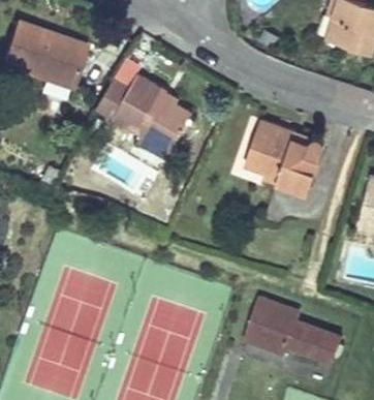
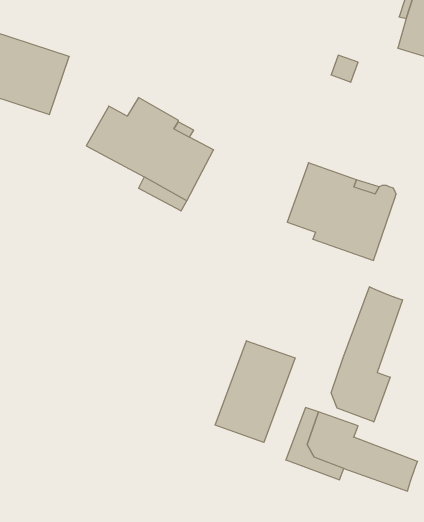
building: none -> [331,287,403,422]
building: none -> [215,341,295,442]

